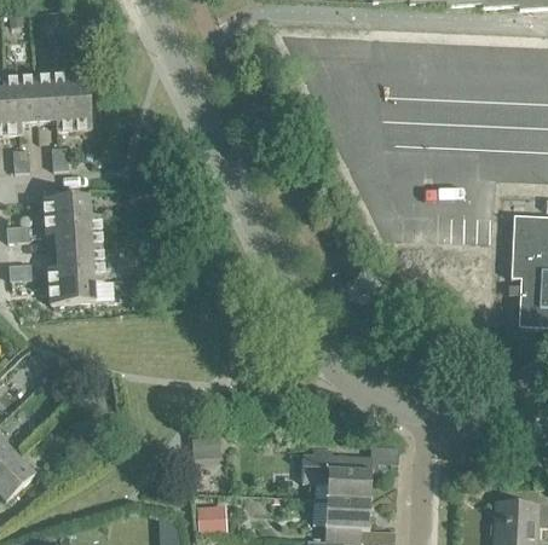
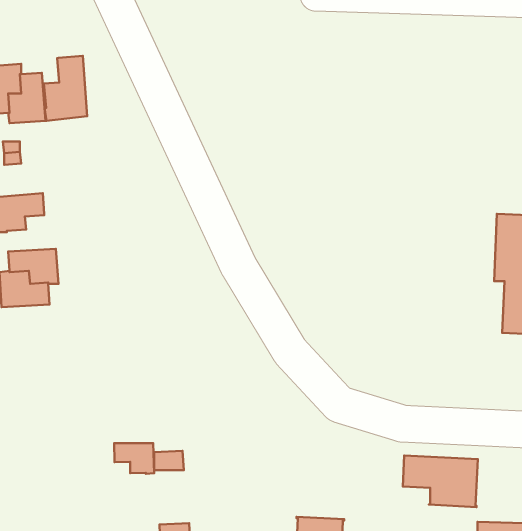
building: none -> [44,56,87,121]
building: [54,214,100,249] -> none
building: none -> [114,443,154,474]
building: [301,451,371,499] -> [403,455,478,507]

